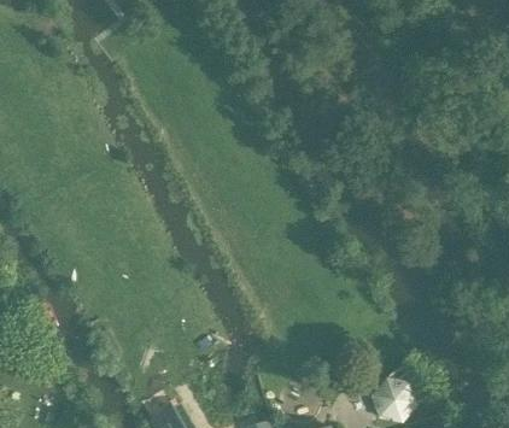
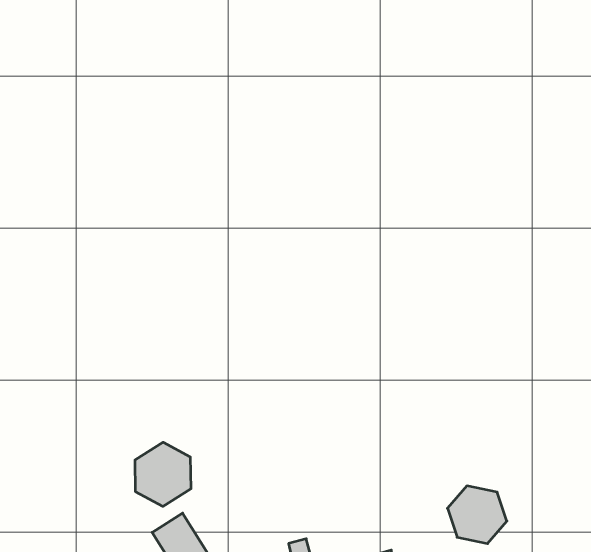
building: none -> [135,442,191,506]

